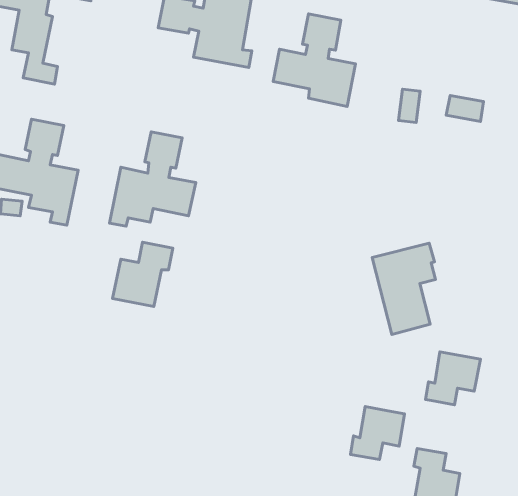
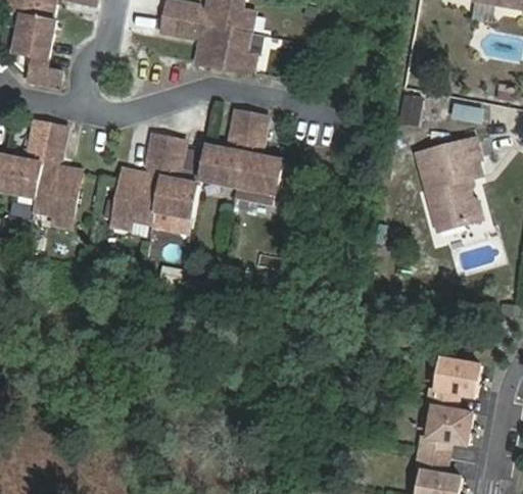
building: [273,14,355,106] -> [200,110,281,201]
building: [112,242,173,307] -> none
building: [372,243,435,334] -> [415,139,477,229]
building: [350,407,405,460] -> [416,399,469,451]

